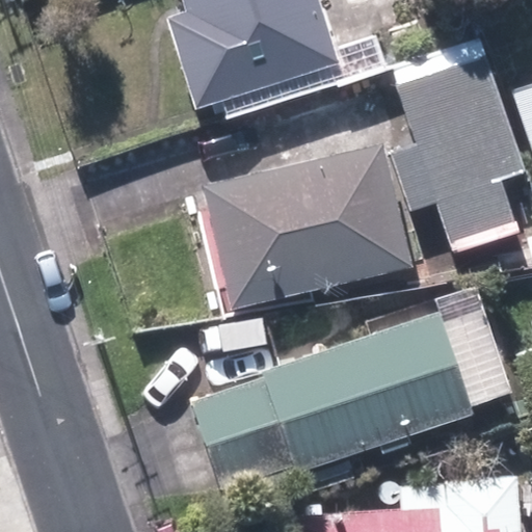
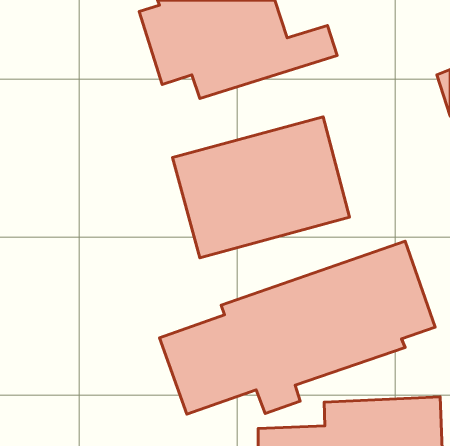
building: [391,55,525,257] -> none

